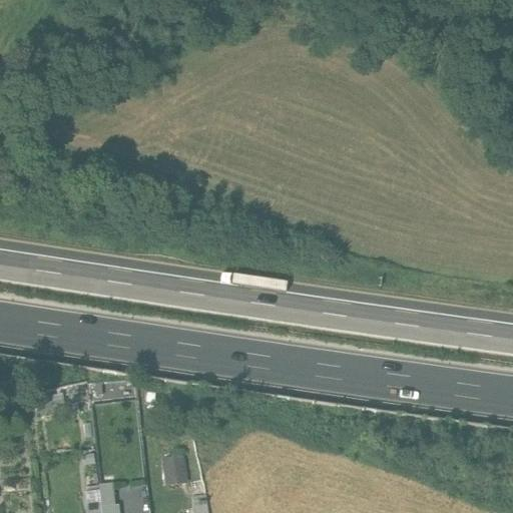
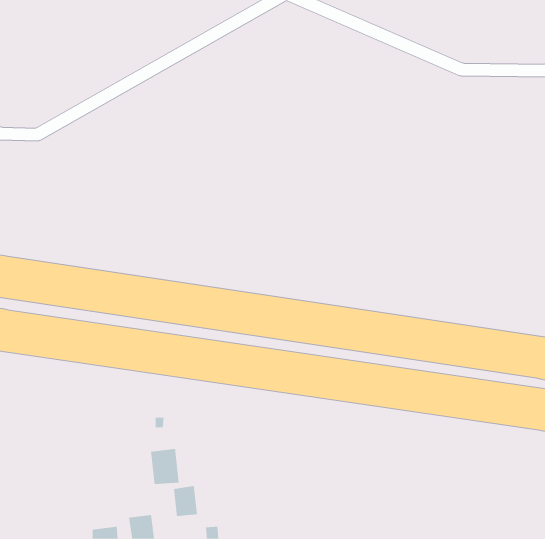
building: none -> [151,448,179,485]

